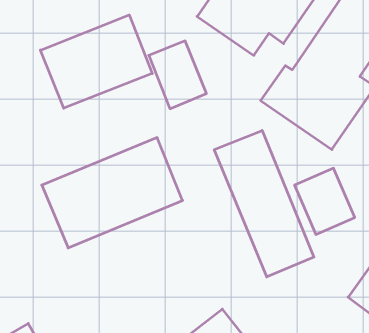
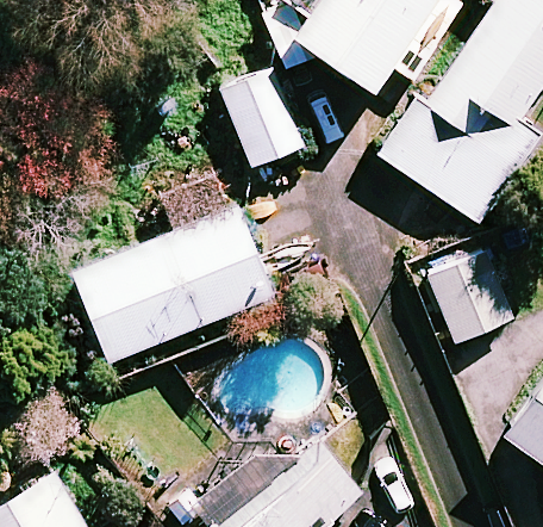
building: [40,15,152,108] -> none
building: [214,130,314,277] -> none

